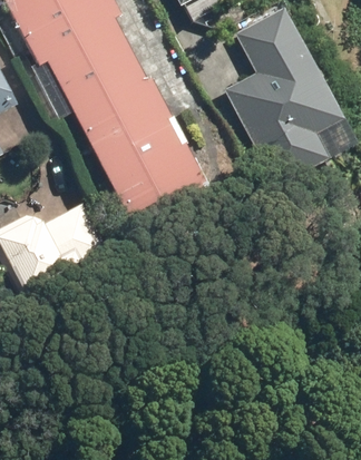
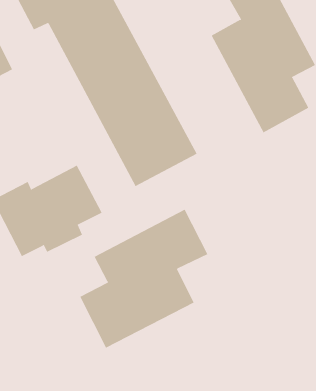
building: none -> [79,209,208,349]

